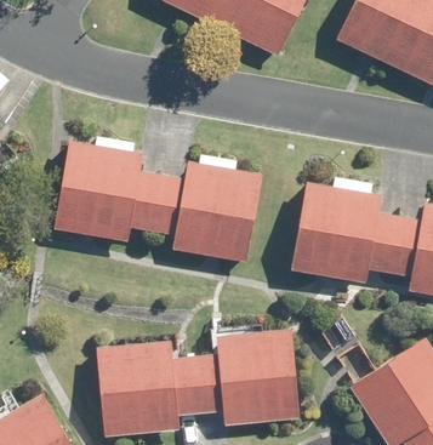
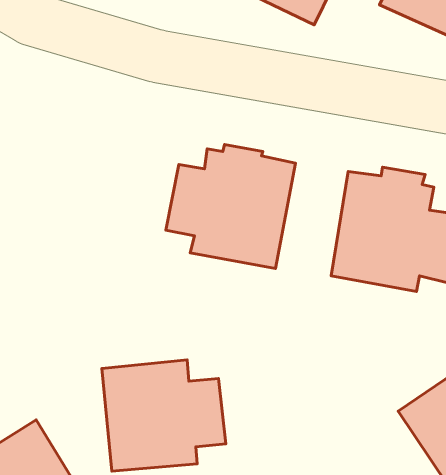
building: [52,137,161,241] -> none
building: [195,329,298,427] -> none

